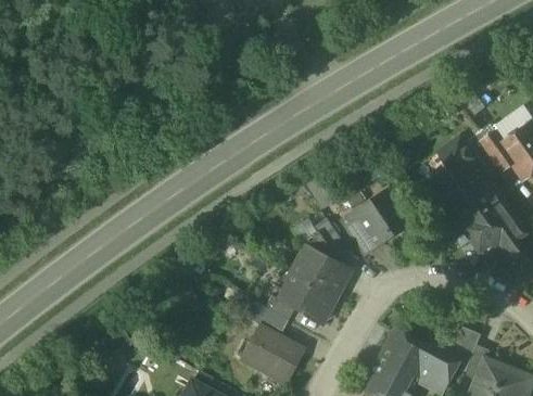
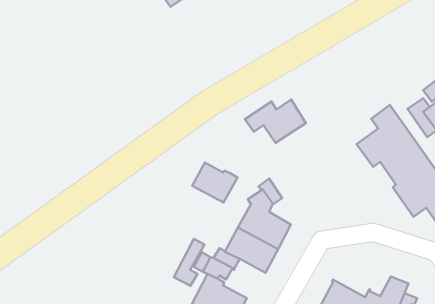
building: [344,199,411,246] -> [245,100,306,143]
building: none -> [192,163,238,203]
building: none -> [174,239,204,286]

